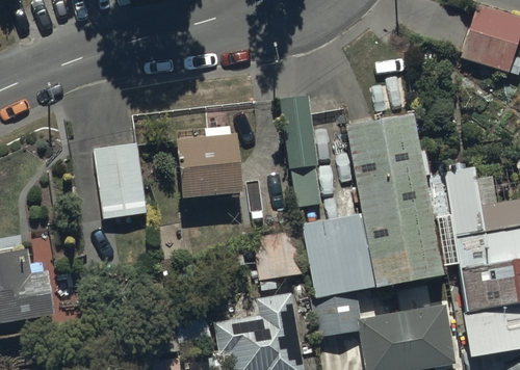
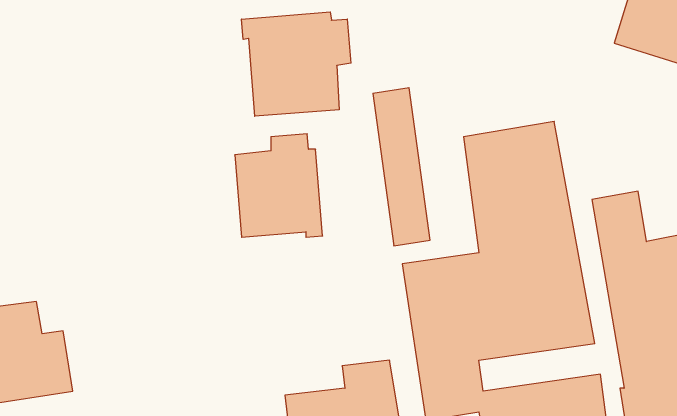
building: none -> [242,12,351,116]
building: [94,139,149,218] -> none
building: [252,223,304,279] -> none

